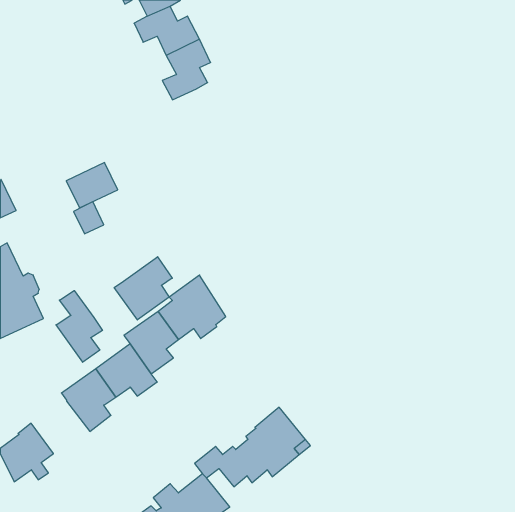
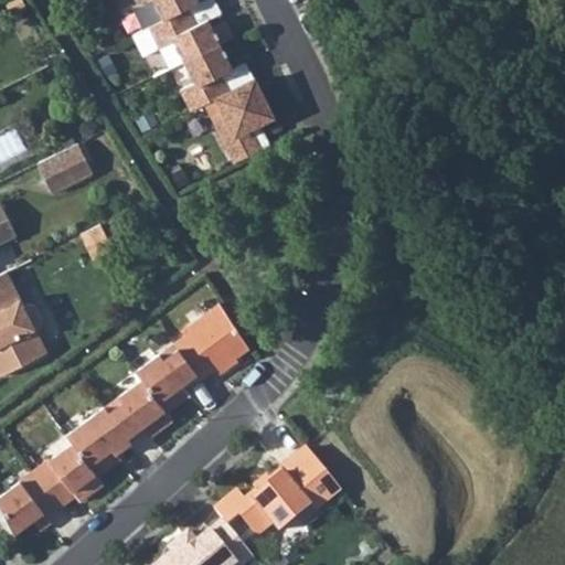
building: none -> [212,82,270,166]
building: [66,163,118,208] -> [38,143,94,193]
building: [114,257,172,320] -> none
building: [56,291,102,362] -> none
building: none -> [34,441,104,500]

